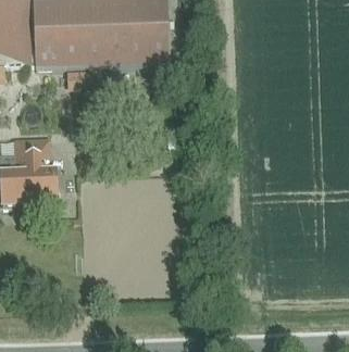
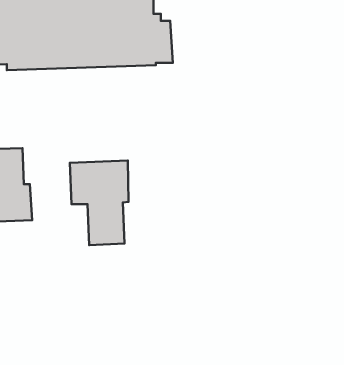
building: none -> [70,161,128,245]

